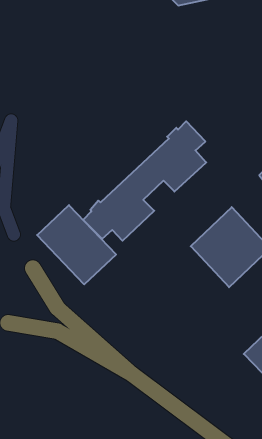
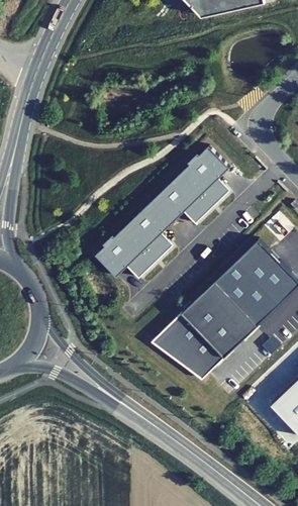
building: [37,205,116,284] -> none
building: none -> [147,284,255,382]

